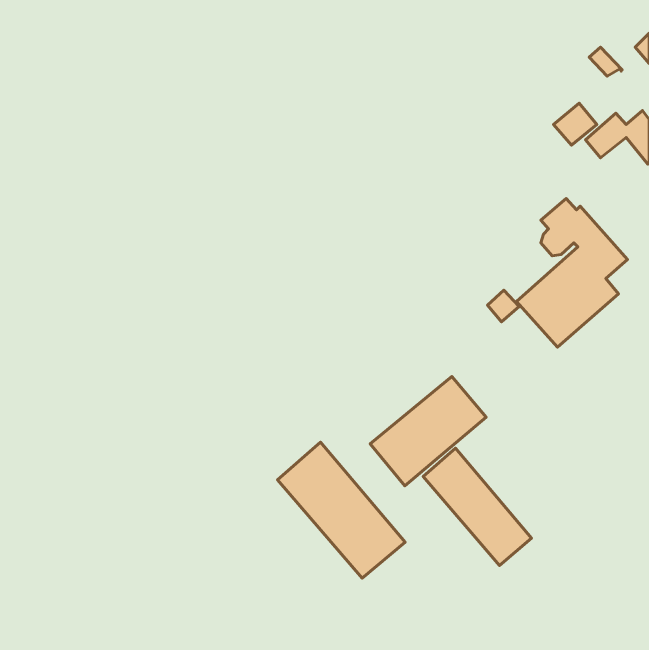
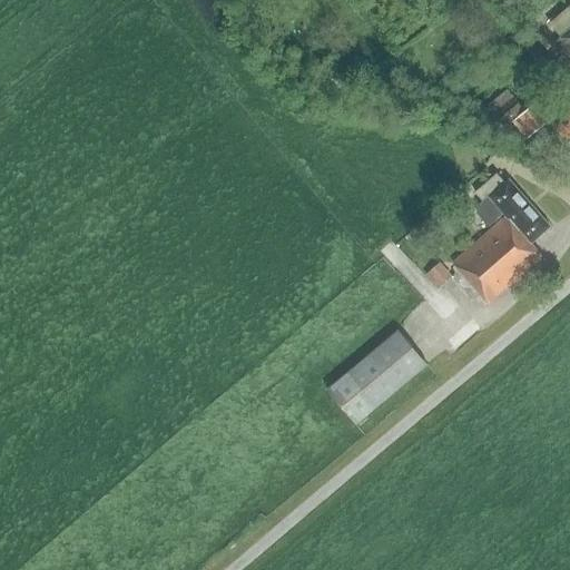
building: [278,442,405,578] -> none
building: [423,448,532,565] -> none

